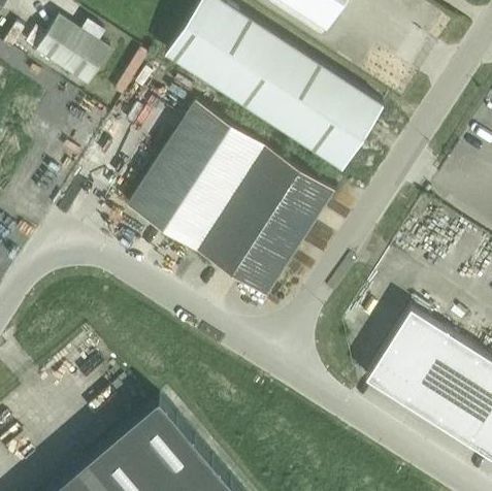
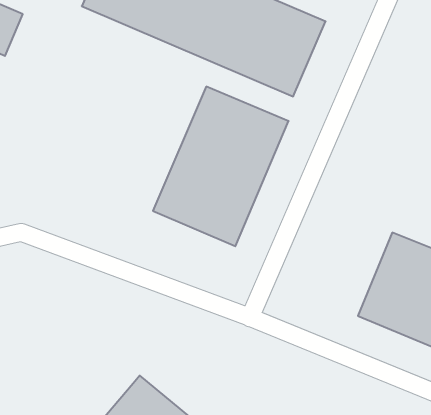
building: [127,102,264,251] -> none

